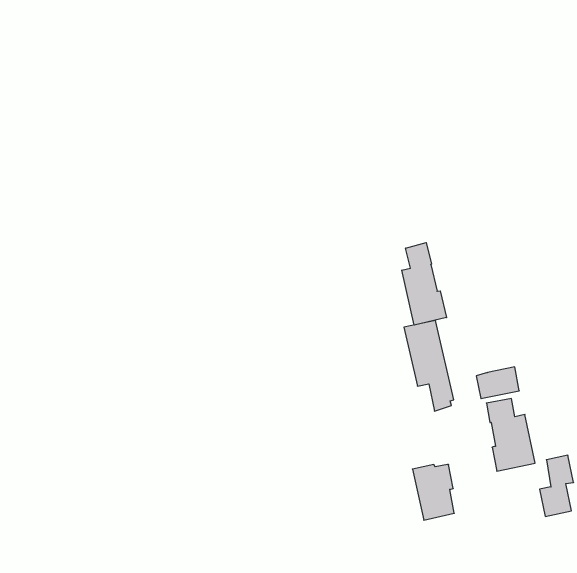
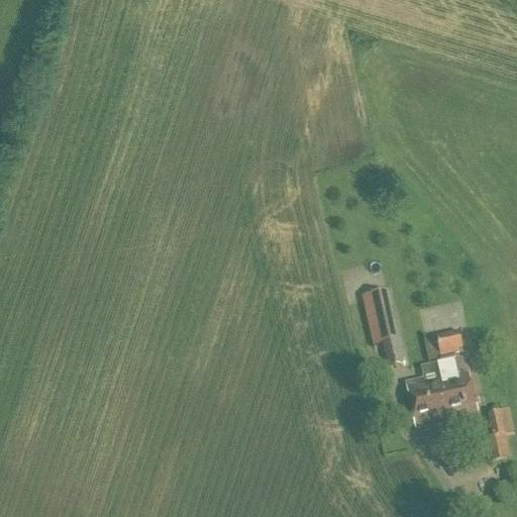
building: [402,243,447,325] -> none
building: [412,465,454,520] -> [406,377,443,426]

